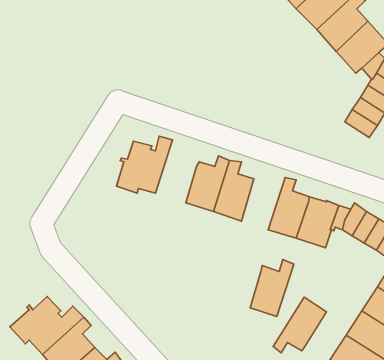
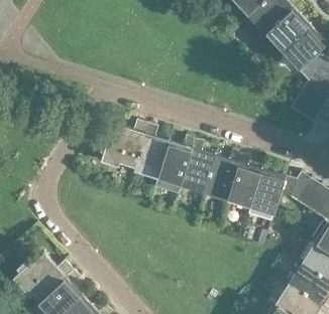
building: none -> [131,124,168,176]
building: [250,259,294,316] -> [203,151,239,198]
building: [273,297,326,353] -> none

